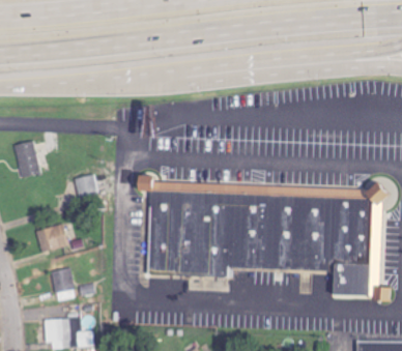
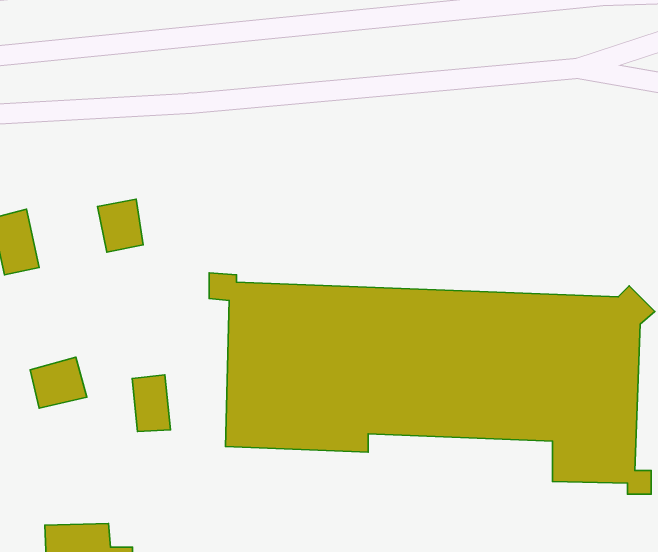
building: [74,174,99,204] -> [98,199,143,252]
building: [53,268,75,300] -> [132,375,170,432]

